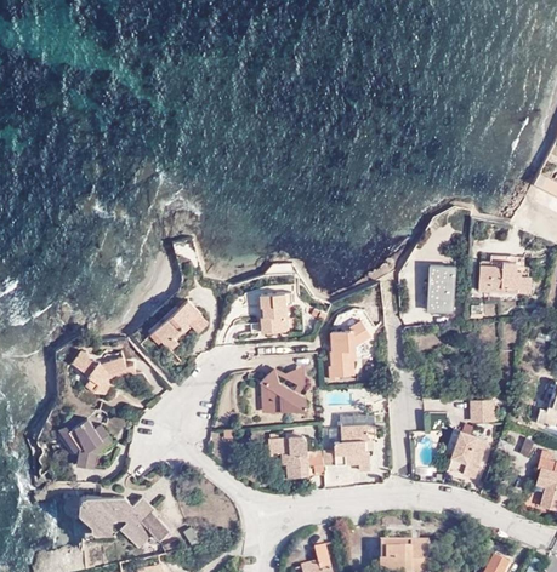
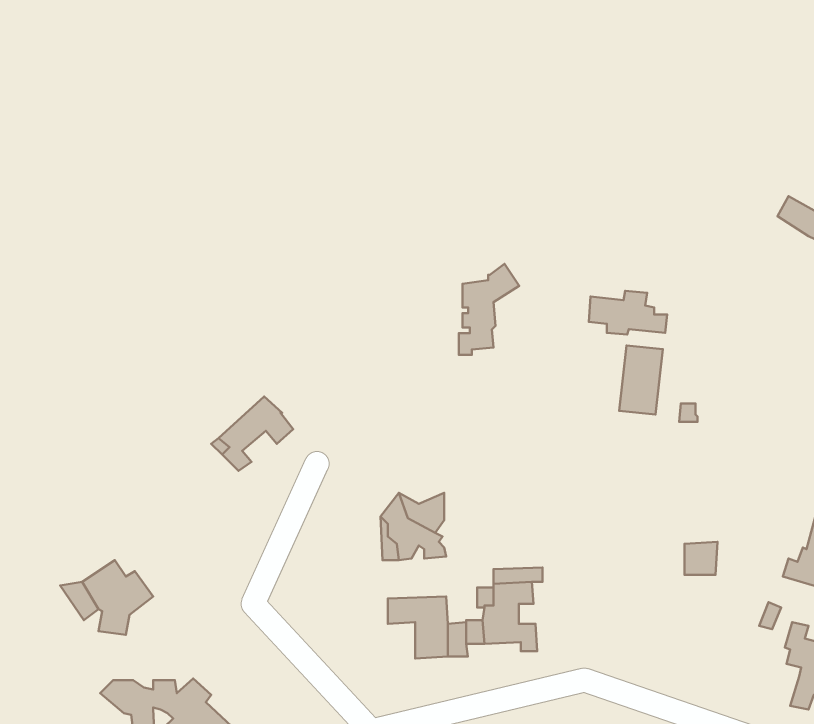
building: [476,262,528,291] -> [589,291,667,335]
building: [260,293,294,336] -> none
building: [330,319,370,379] -> [459,264,519,355]
building: [73,350,137,395] -> none
building: [448,430,485,476] -> none

